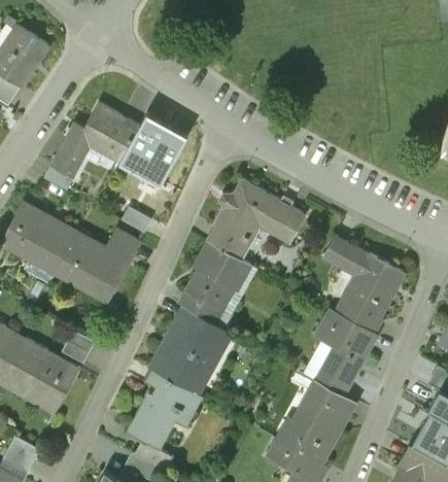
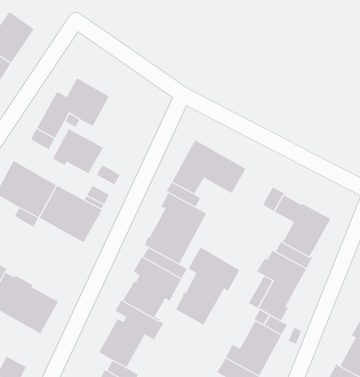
building: [119,126,181,184] -> [52,129,104,178]
building: none -> [175,247,240,326]
building: [60,330,94,364] -> none

